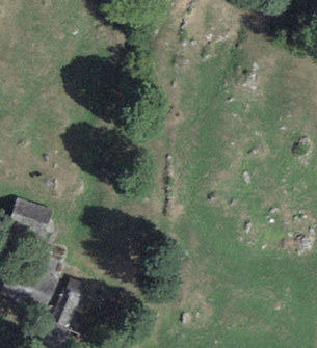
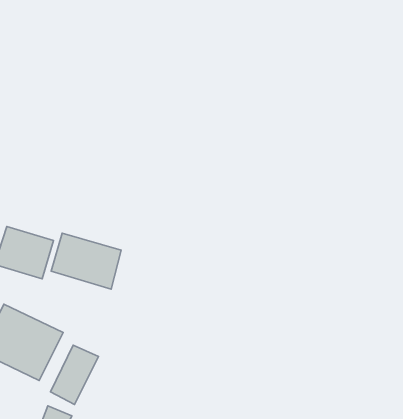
building: none -> [51,233,121,289]

